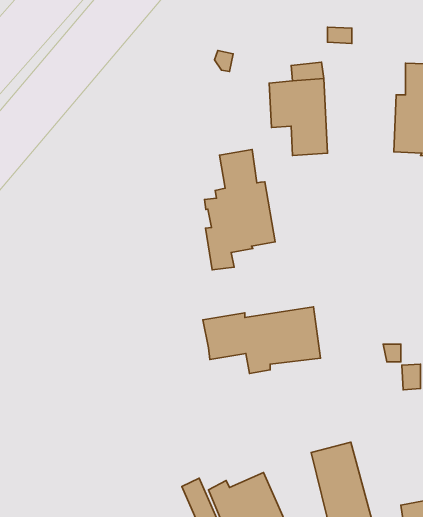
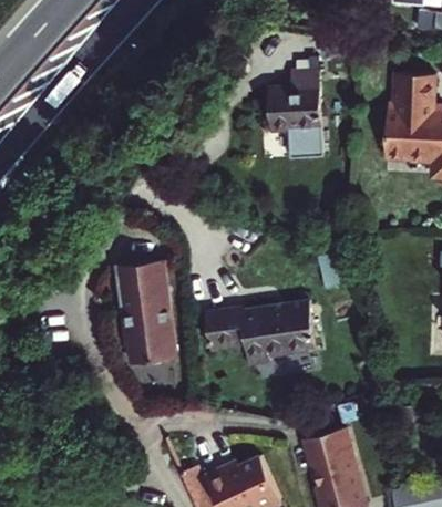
building: [204,150,275,270] -> none
building: none -> [113,262,174,364]

